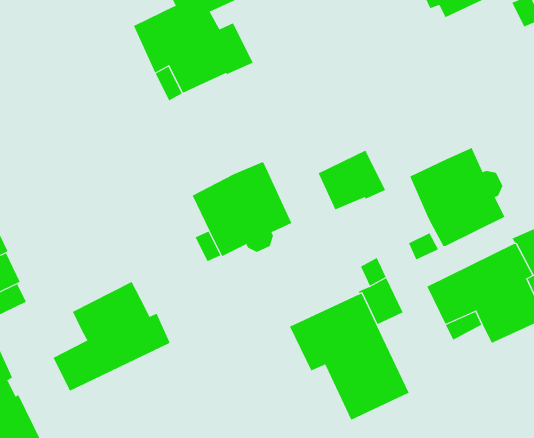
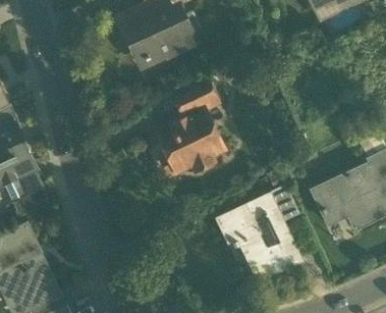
building: [409,147,505,247] -> none
building: [318,150,386,210] -> [173,76,218,116]
building: [53,281,170,392] -> none

